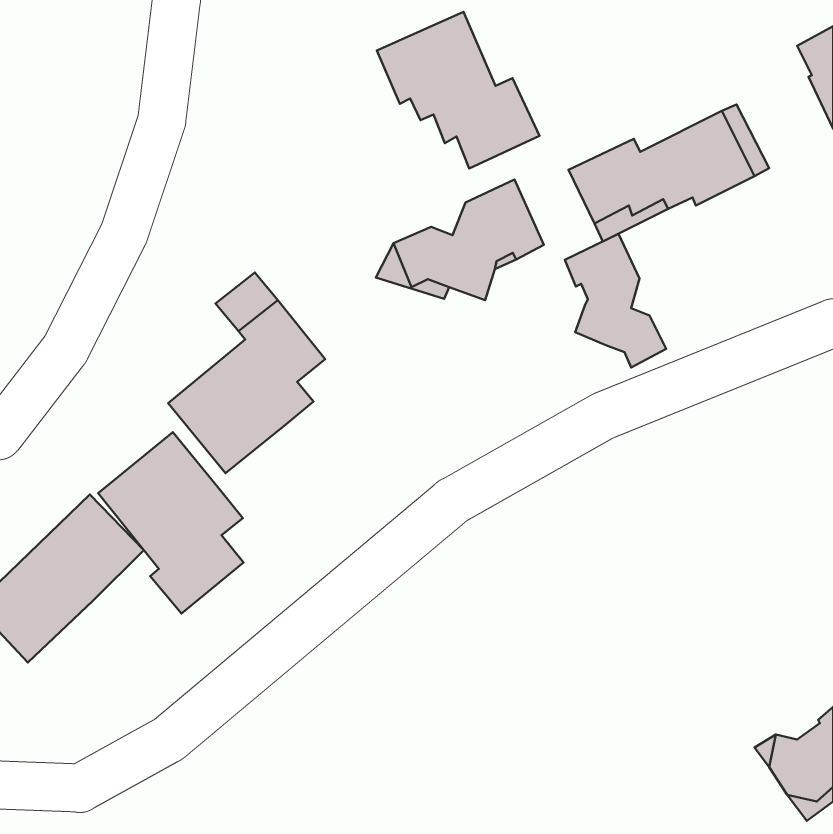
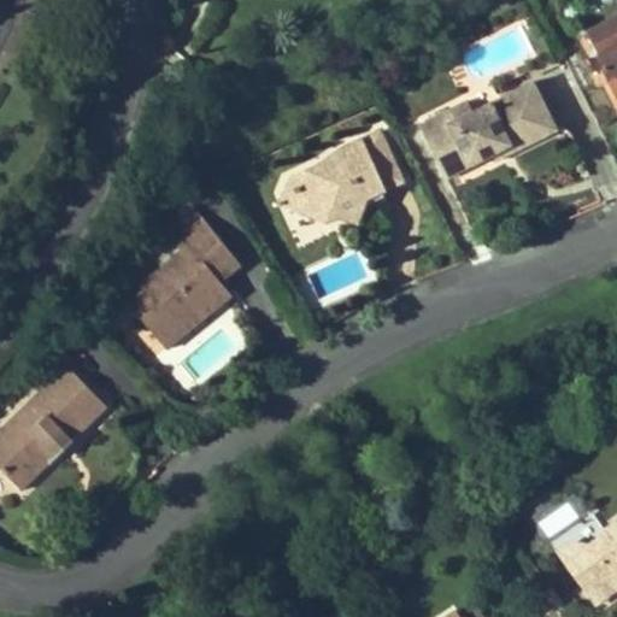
building: [377,12,540,168] -> none
building: [565,234,666,367] -> none
building: [98,432,244,613] -> none

